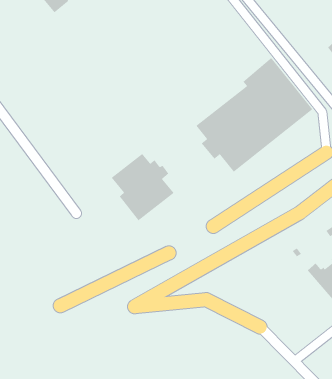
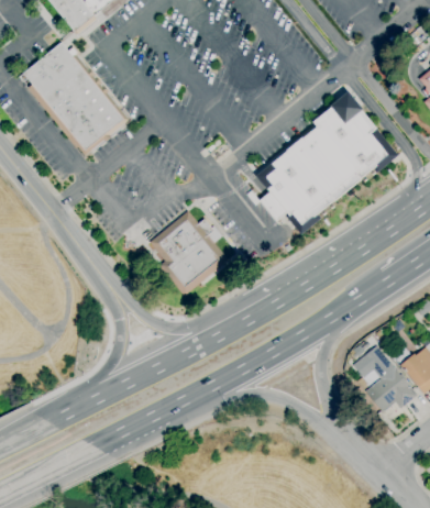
building: none -> [23,40,132,157]
building: none -> [353,344,418,411]

